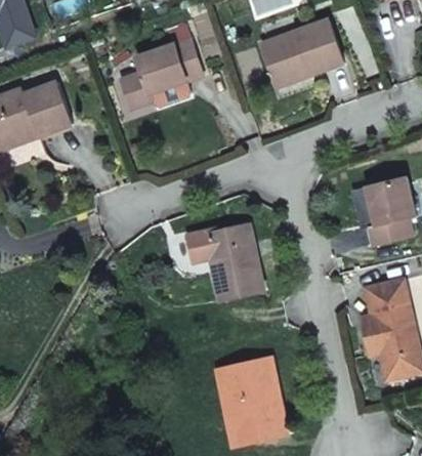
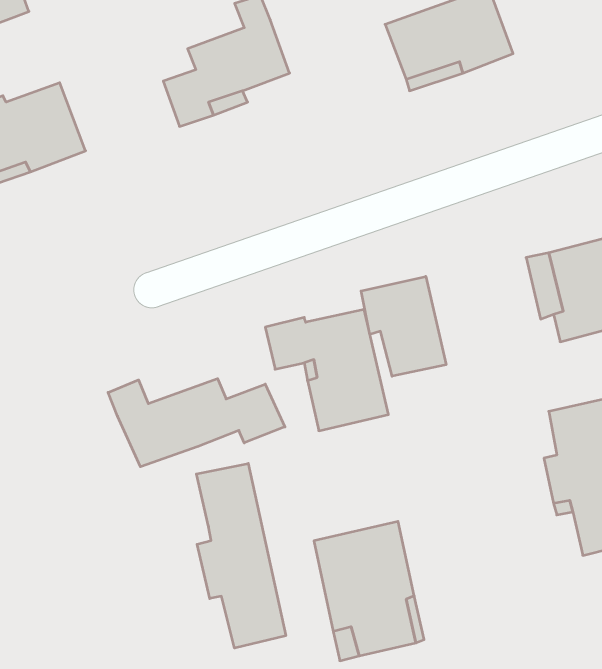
building: none -> [361,276,446,376]
building: none -> [108,379,285,467]
building: none -> [196,463,286,648]

